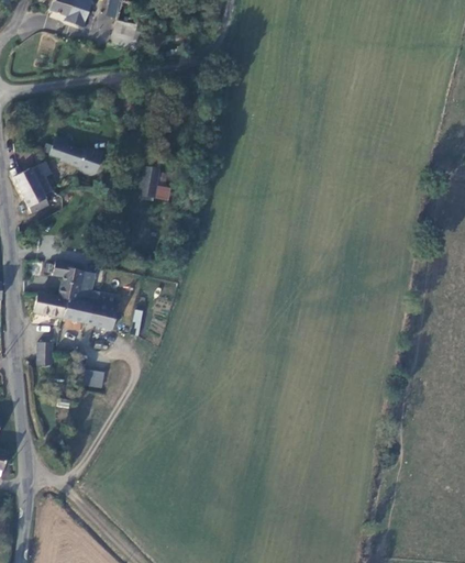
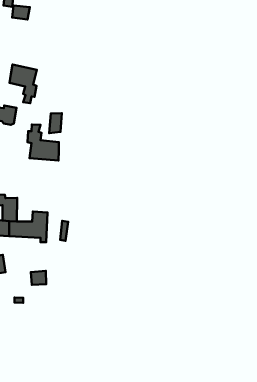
building: none -> [10,64,37,103]
building: none -> [27,125,59,161]

